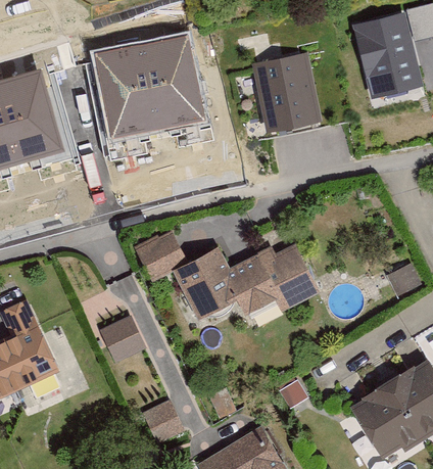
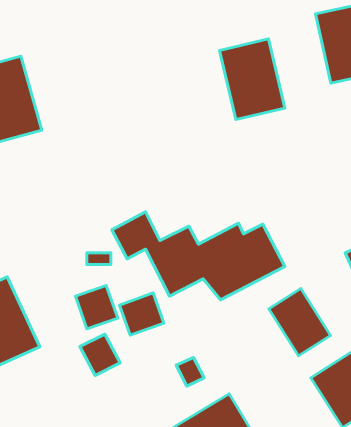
building: [94,31,204,135] -> none
building: none -> [269,289,331,356]
building: none -> [120,293,164,335]
building: [142,402,185,445] -> [80,334,120,375]

